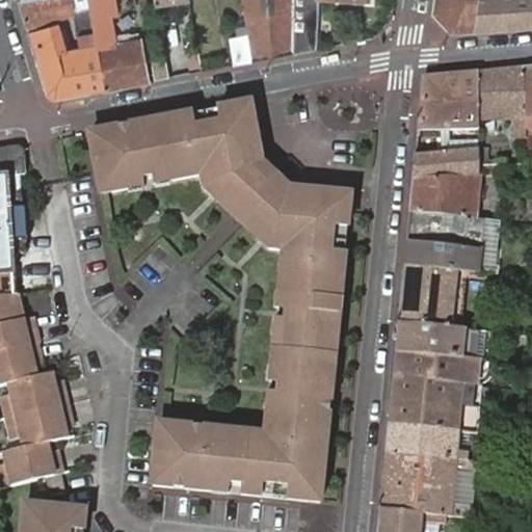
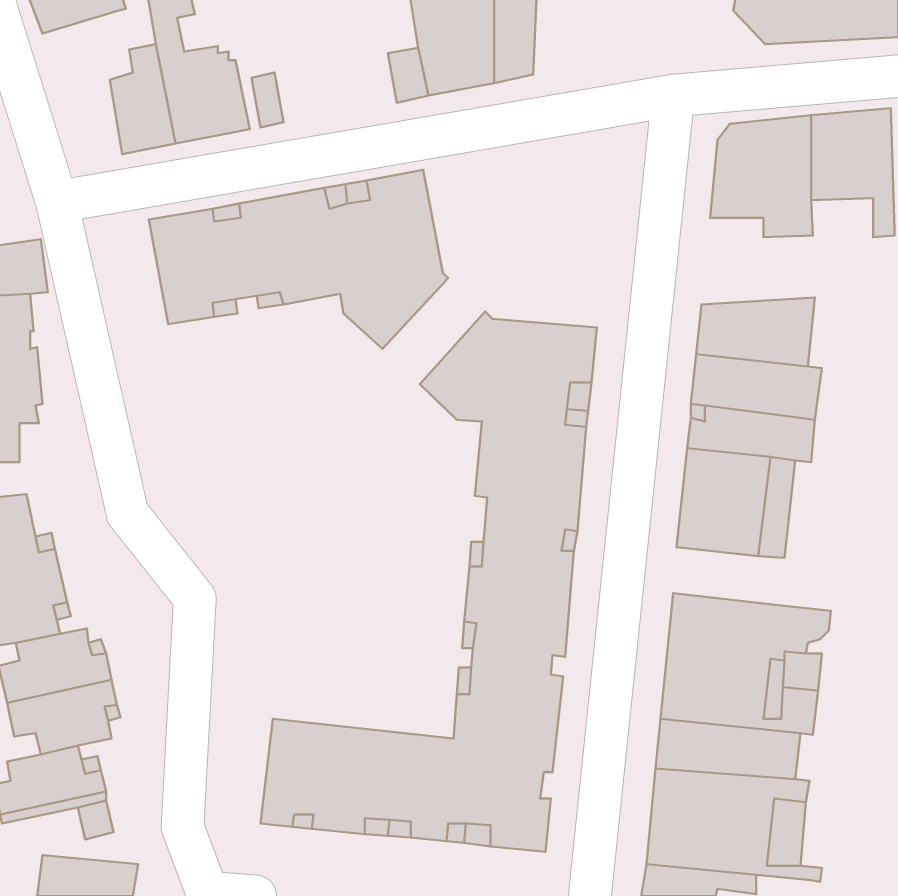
building: [26,19,72,94] -> none
building: [411,128,478,179] -> none
building: [224,163,285,225] -> none
building: [395,321,461,355] -> none

